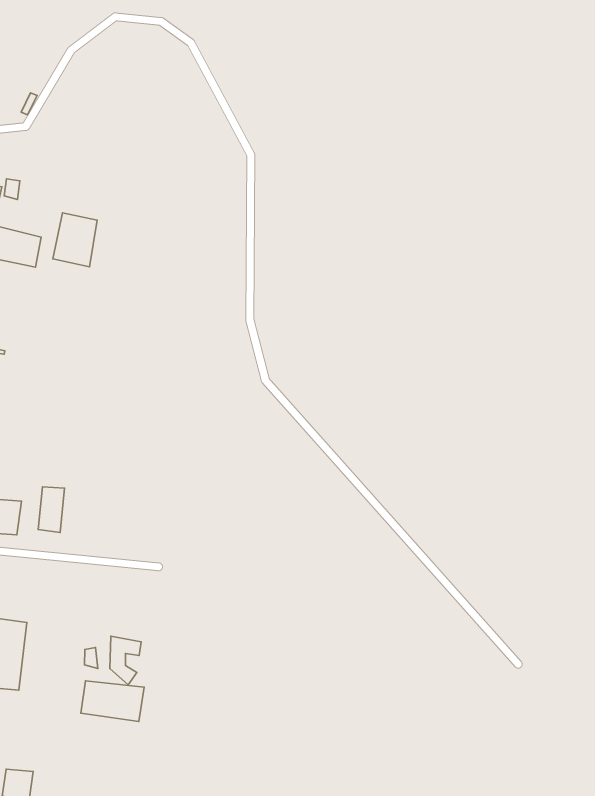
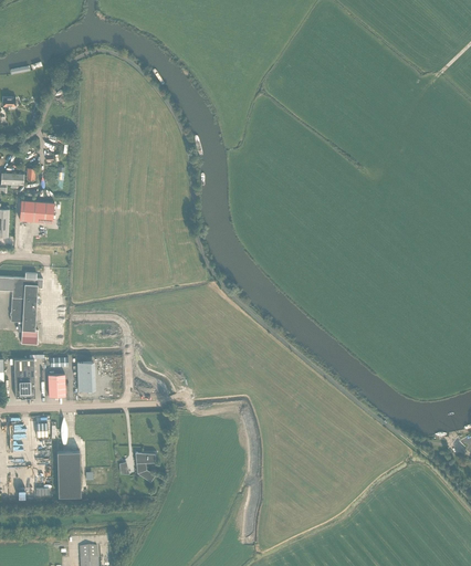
building: [53,213,97,267] -> none
building: [81,681,144,721] -> none

